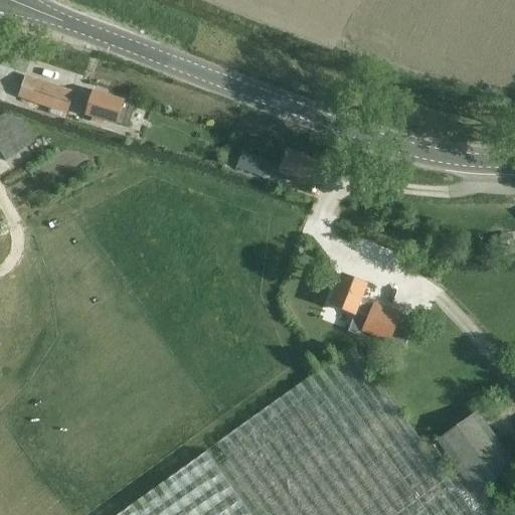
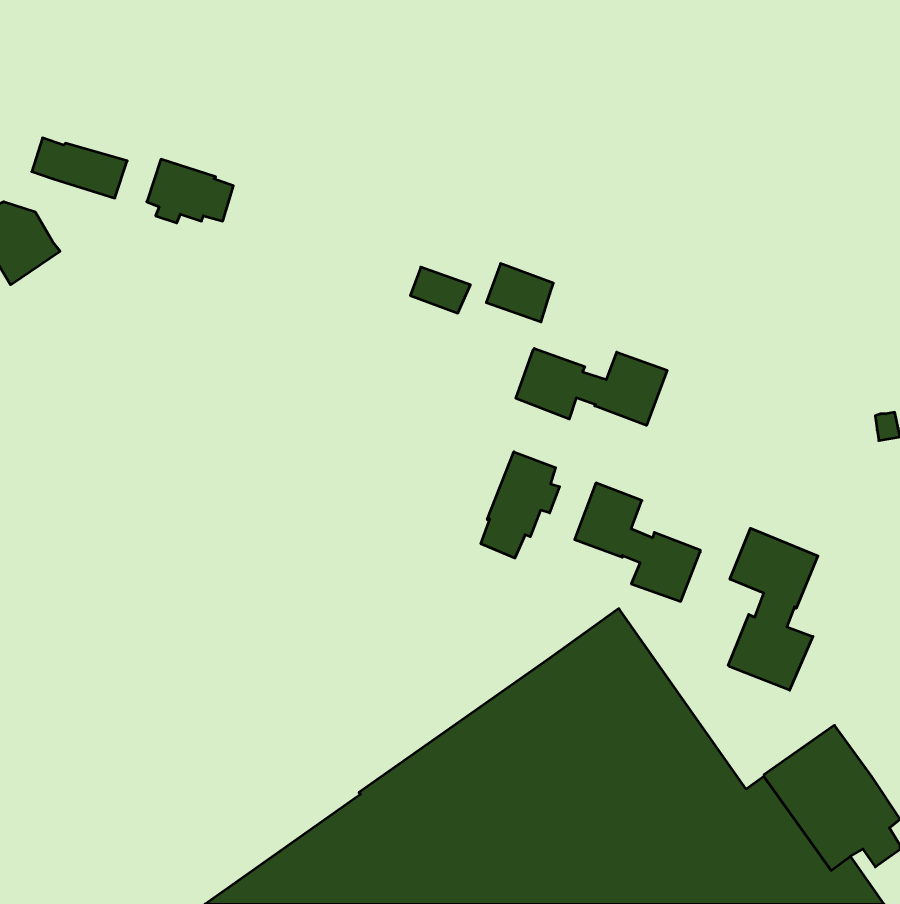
building: none -> [516,348,667,425]
building: none -> [481,452,560,558]
building: none -> [728,528,818,690]

